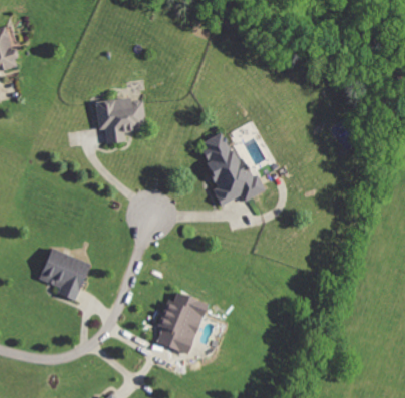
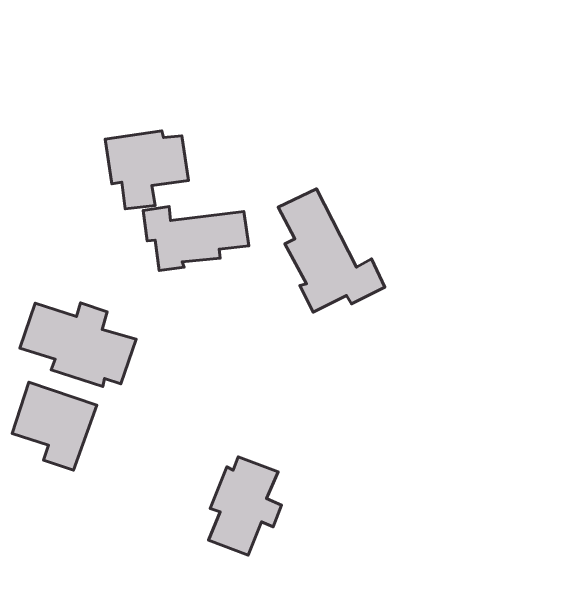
building: none -> [143,206,249,270]
building: none -> [20,303,136,386]

